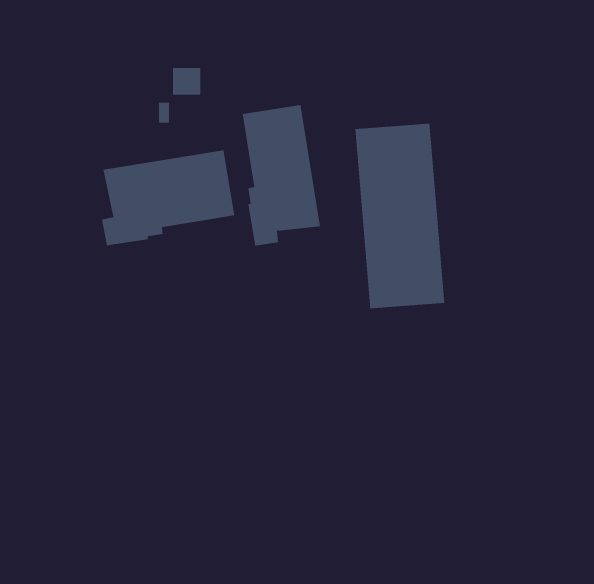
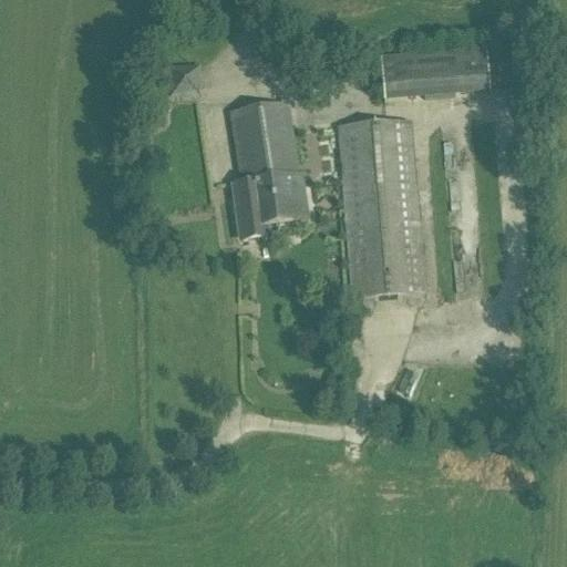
building: none -> [380,43,491,97]
building: [102,150,235,246] -> none

